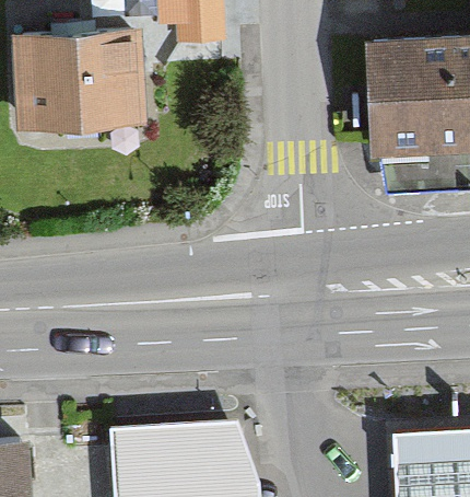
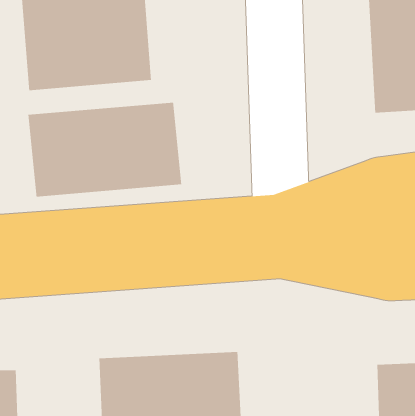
building: none -> [28,102,182,197]

